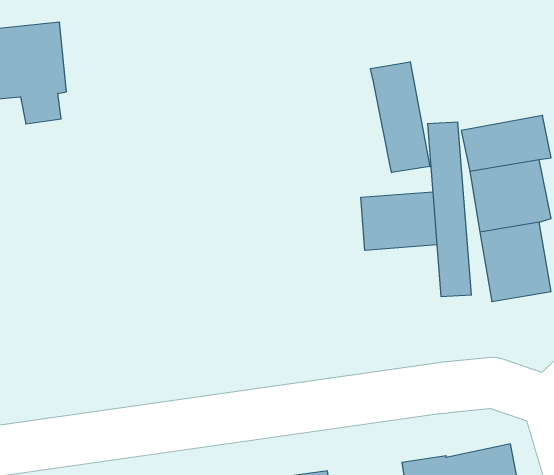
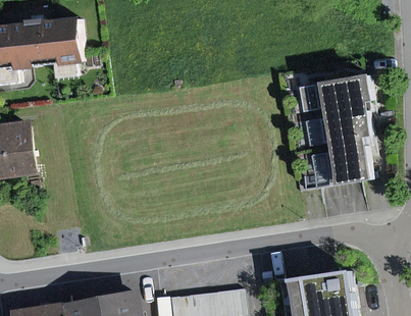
building: [370,62,430,173] -> none
building: [361,192,437,250] -> none

